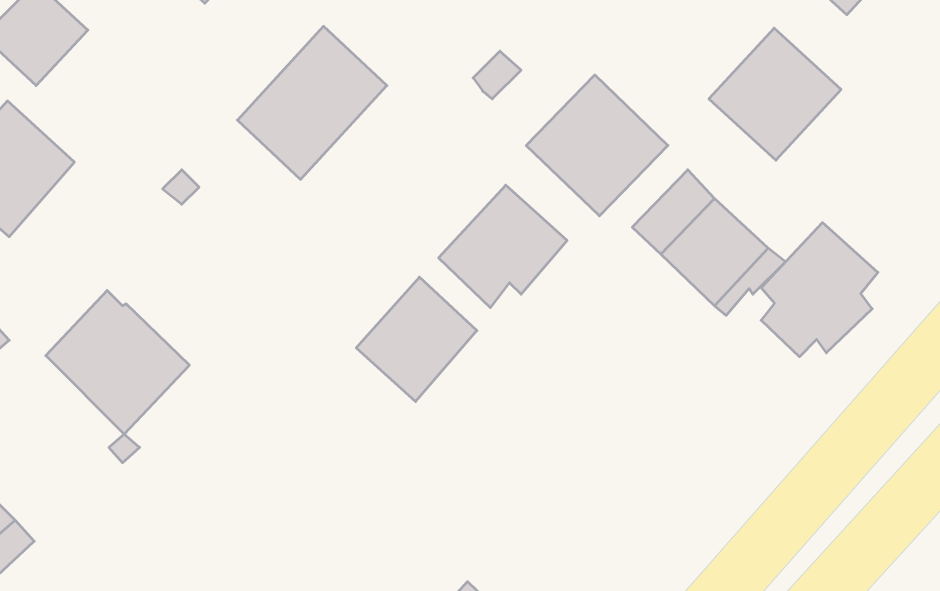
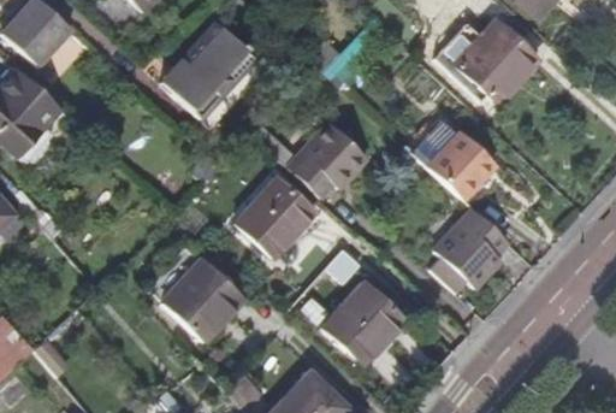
building: [526,75,668,216] -> none
building: [761,223,878,357] -> [433,210,507,294]
building: [46,290,189,434] -> [153,249,243,340]
building: none -> [327,285,404,366]

